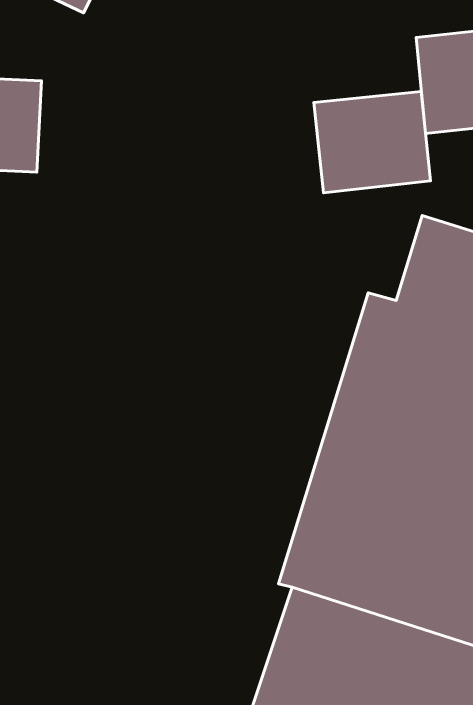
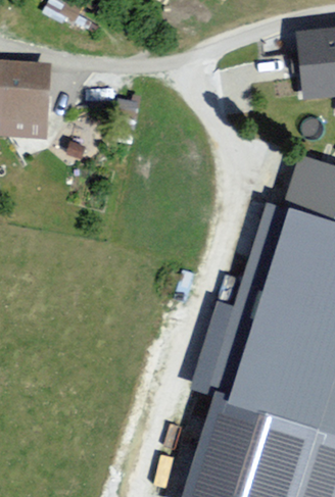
building: [314,92,430,193] -> none

